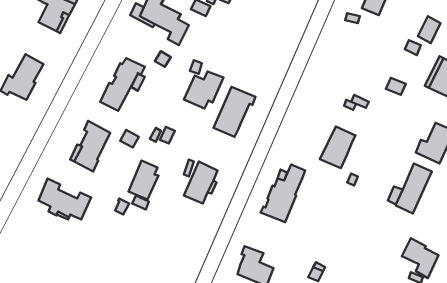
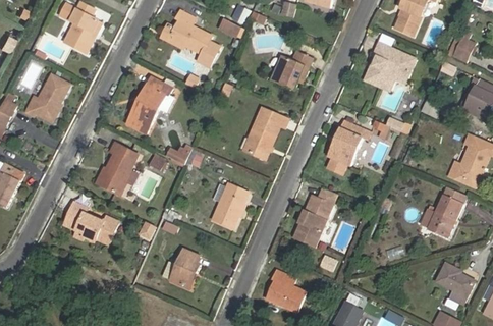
building: none -> [361,42,410,88]
building: [184,72,224,108] -> [271,51,312,89]
building: [320,126,356,168] -> [328,121,365,164]
building: [129,161,158,199] -> [169,249,200,288]

